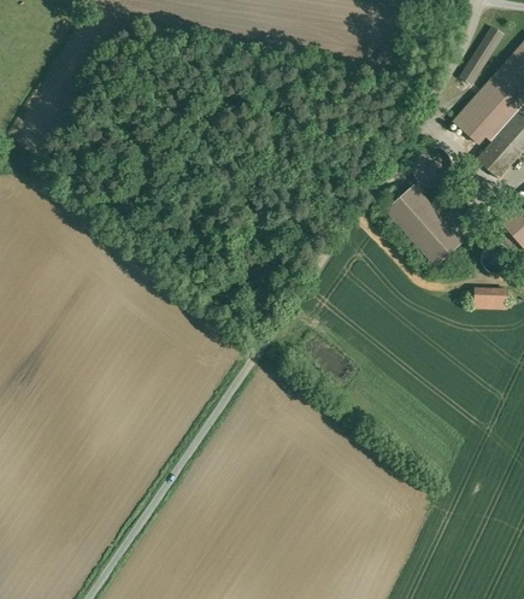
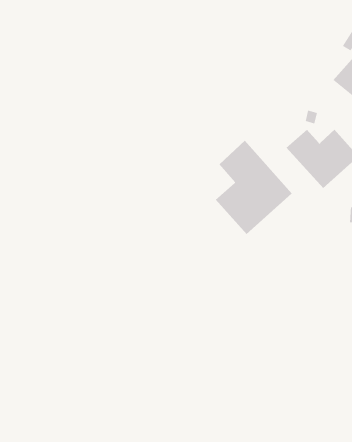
building: none -> [215,140,292,235]

